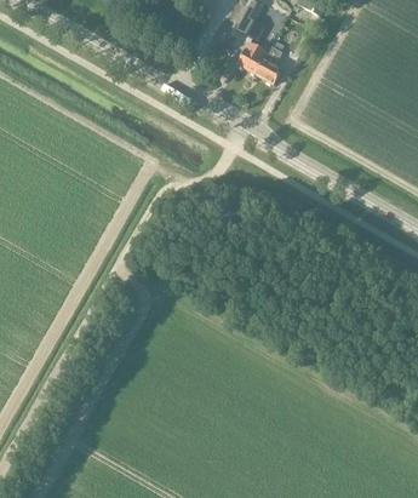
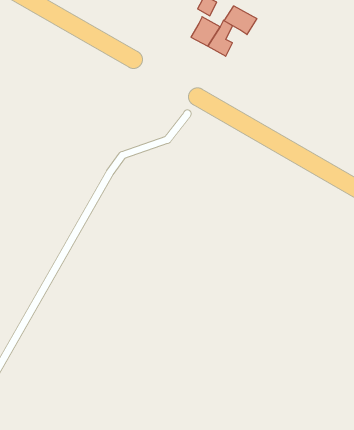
building: none -> [224,6,257,35]

